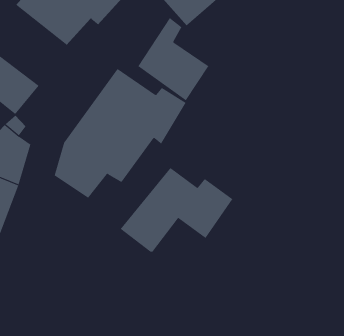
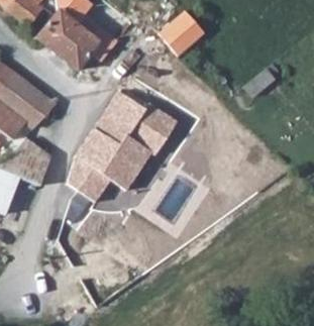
building: [138,17,209,101] -> none
building: [120,167,233,253] -> none

